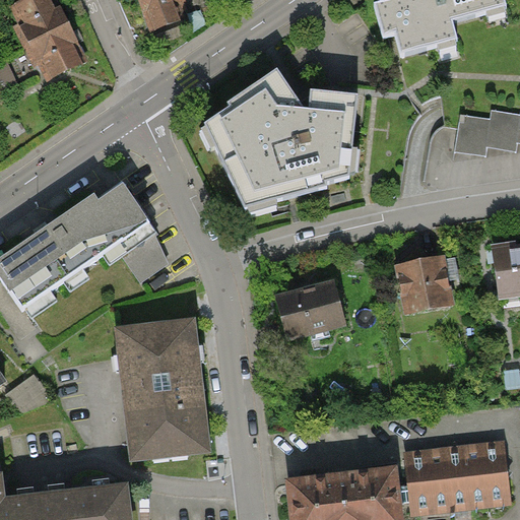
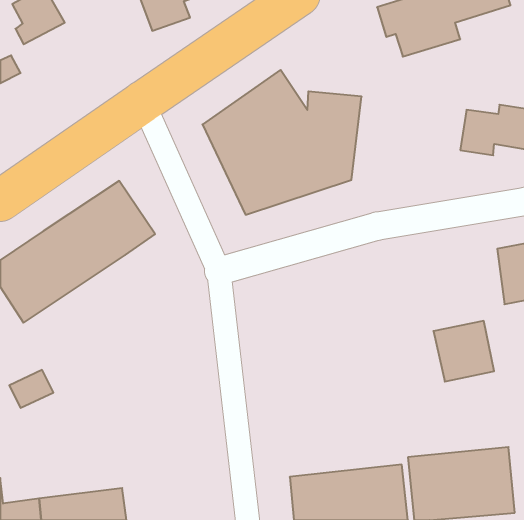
building: [24,22,85,76] -> none
building: [125,232,169,278] -> none
building: [395,256,455,316] -> [433,321,494,382]
building: [275,279,345,341] -> none
building: [115,320,208,464] -> none

